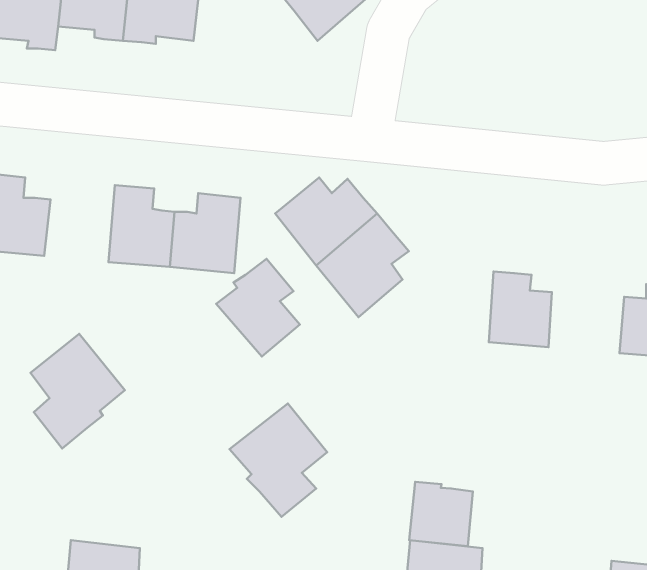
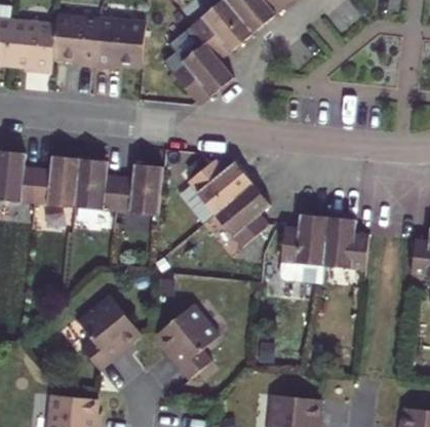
building: none -> [168,47,227,109]
building: none -> [36,158,82,211]
building: [216,259,300,357] -> none
building: none -> [279,216,329,287]
building: [31,334,125,448] -> [79,295,141,370]
building: [409,482,473,546] -> none

